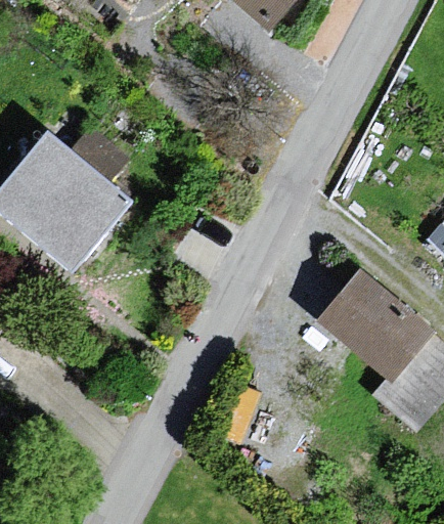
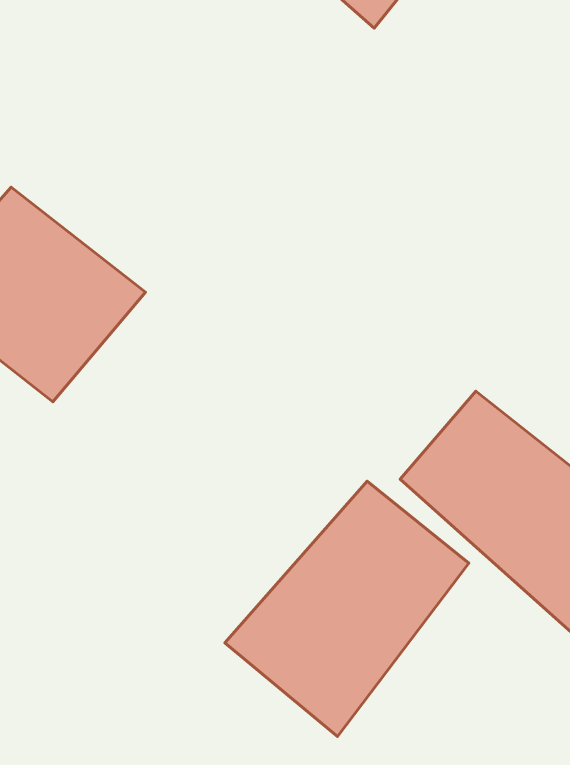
building: none -> [225,481,469,737]

